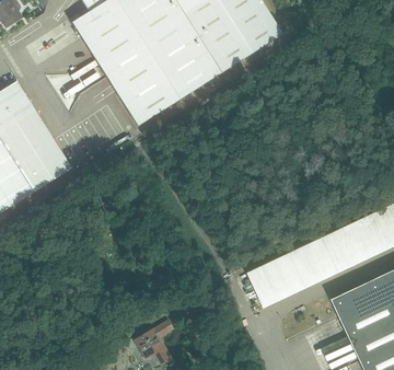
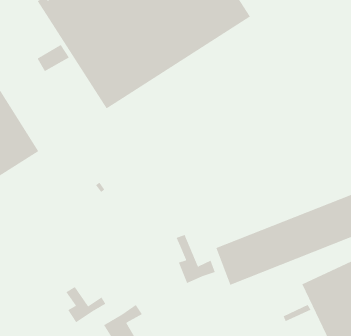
building: none -> [176,234,216,284]
building: none -> [66,286,106,323]

